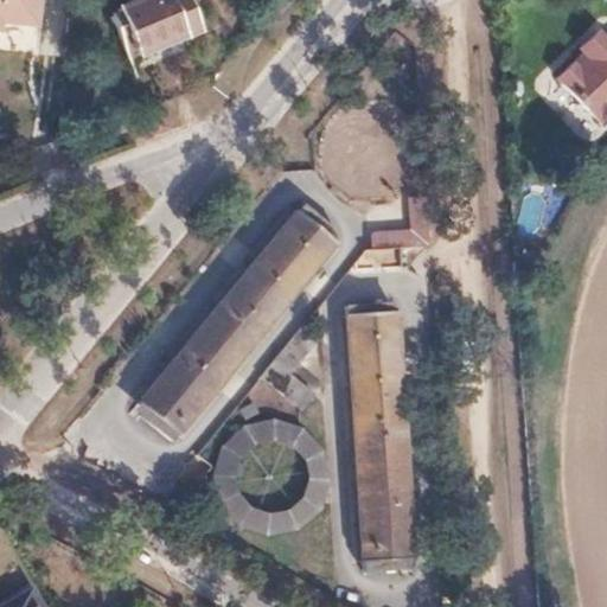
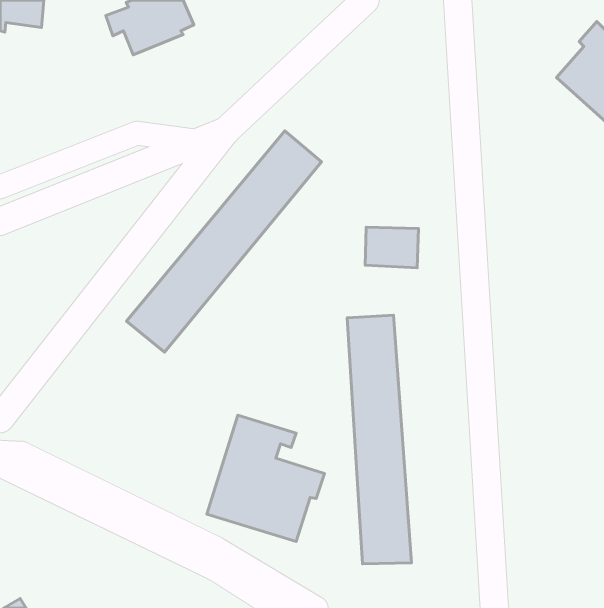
building: [140,212,334,433] -> [127,131,322,352]
building: [261,326,318,409] -> none

